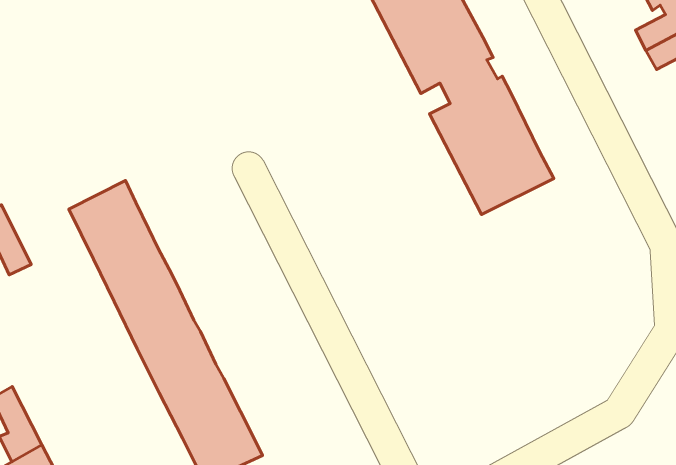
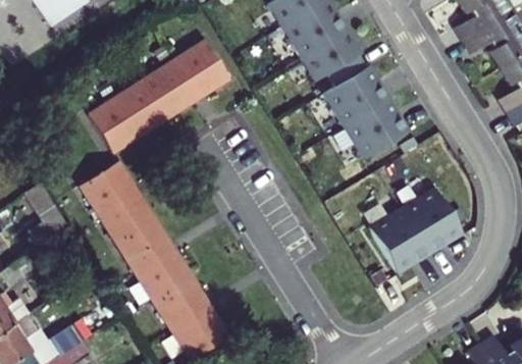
building: none -> [91,39,233,147]
building: none -> [368,188,462,273]

